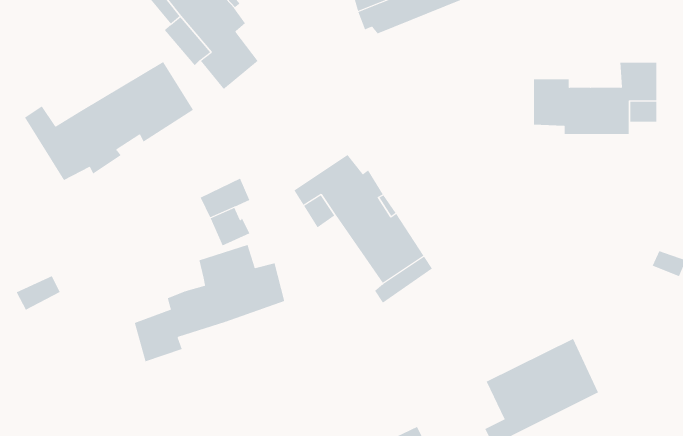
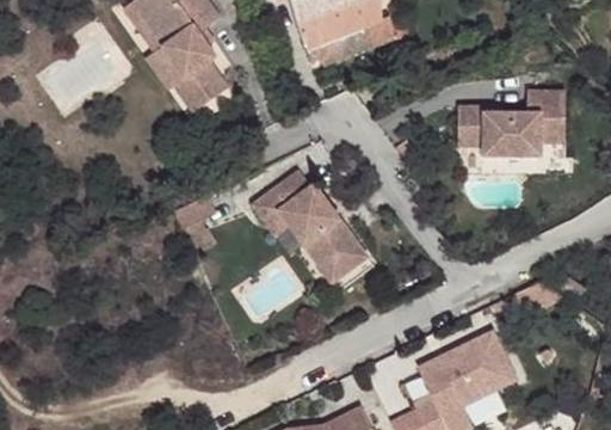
building: [24,61,194,181] -> none
building: [134,244,285,362] -> none

